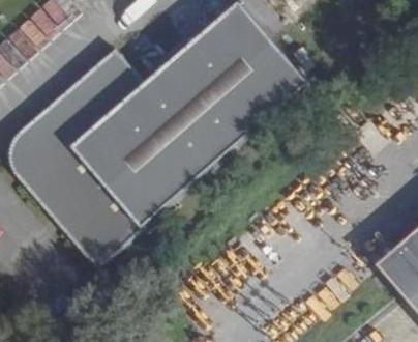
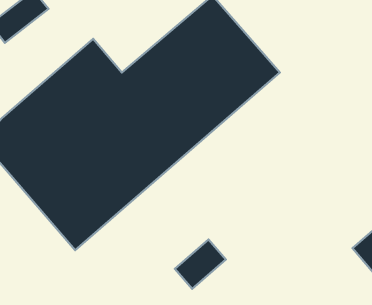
building: none -> [175,239,226,289]

